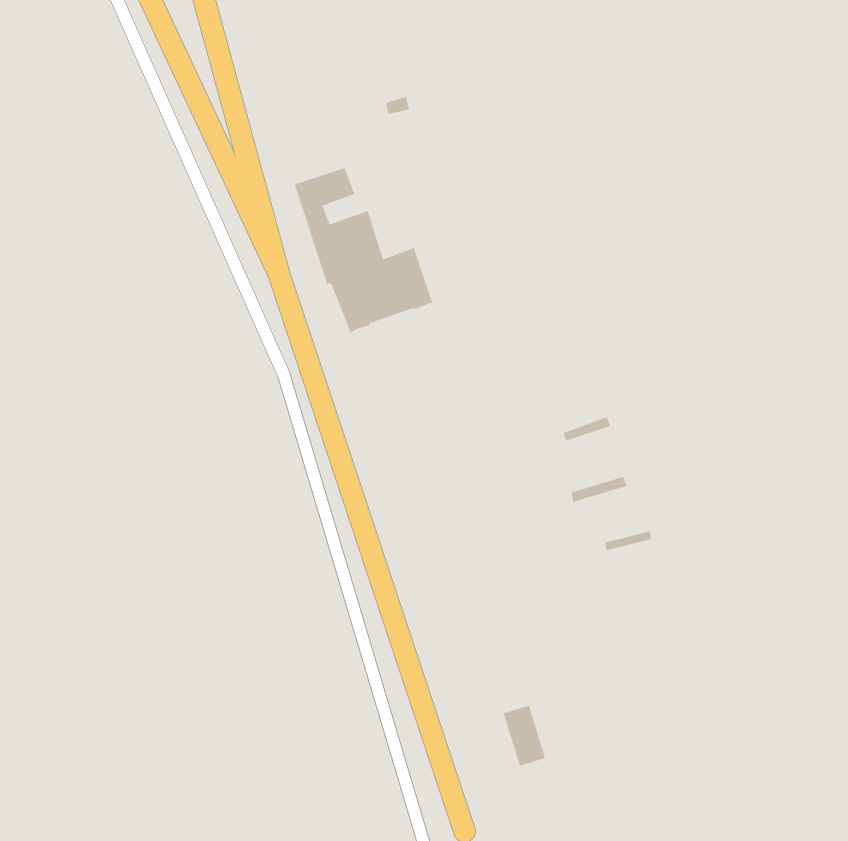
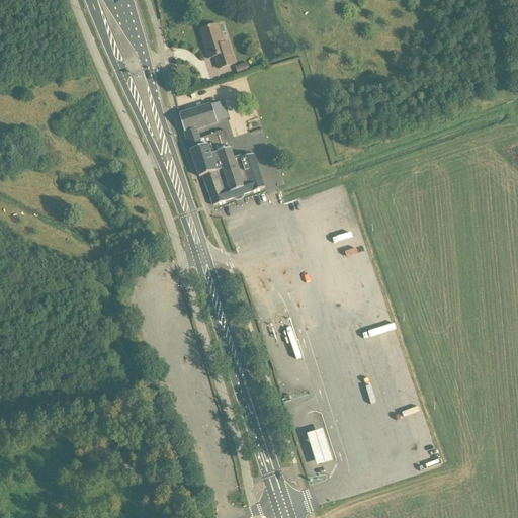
building: none -> [200,22,235,66]

